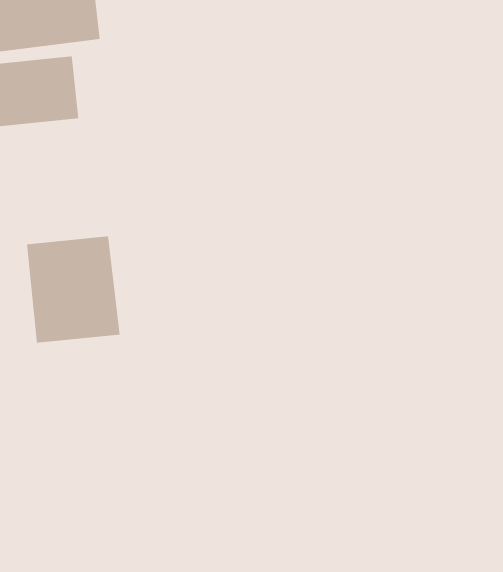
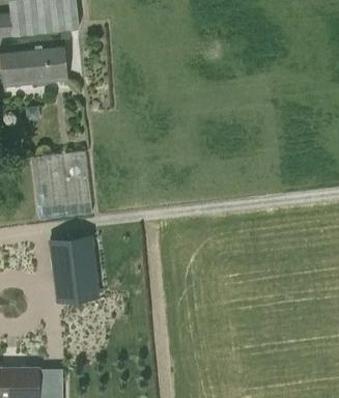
building: none -> [50,235,97,302]

